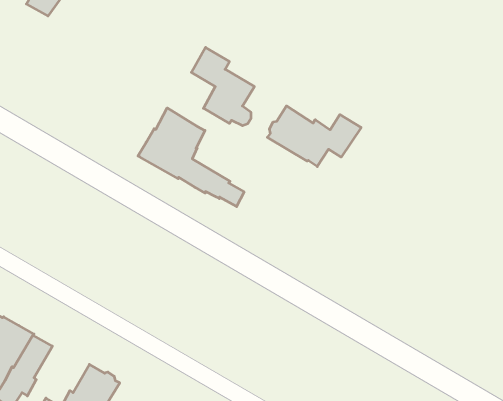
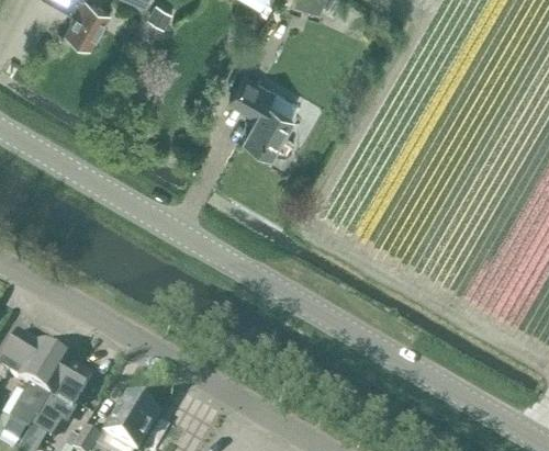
building: [267,106,361,167] -> none
building: [138,108,244,207] -> none

